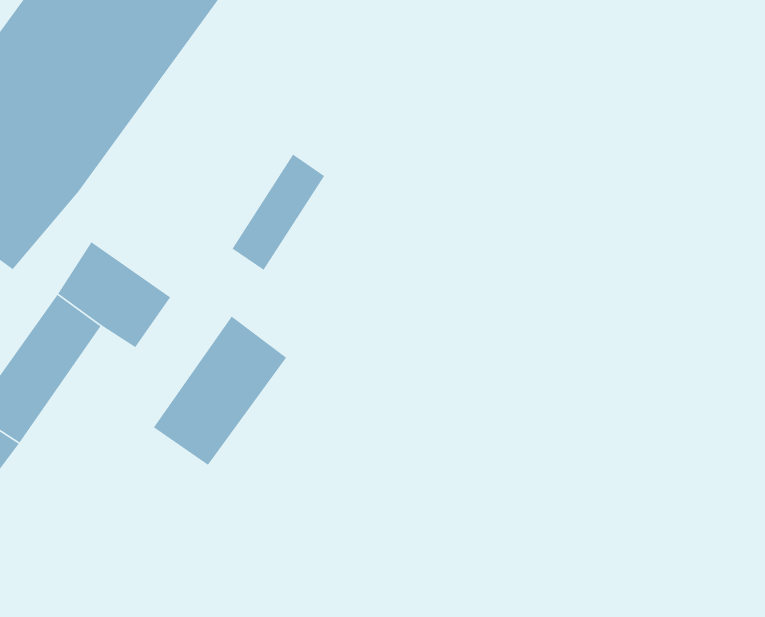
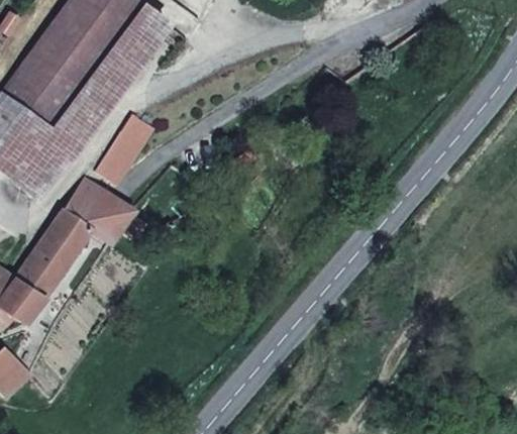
building: [232,154,325,271] -> [96,115,151,185]
building: [153,315,287,466] -> none

